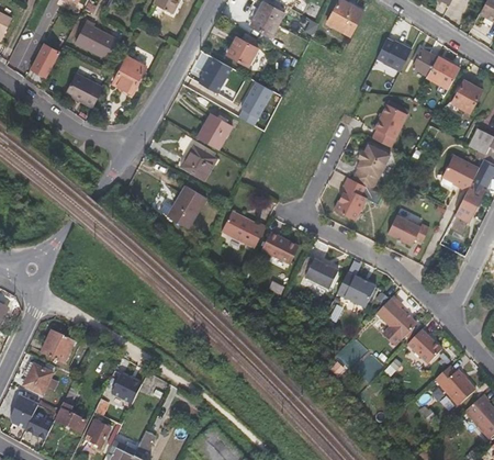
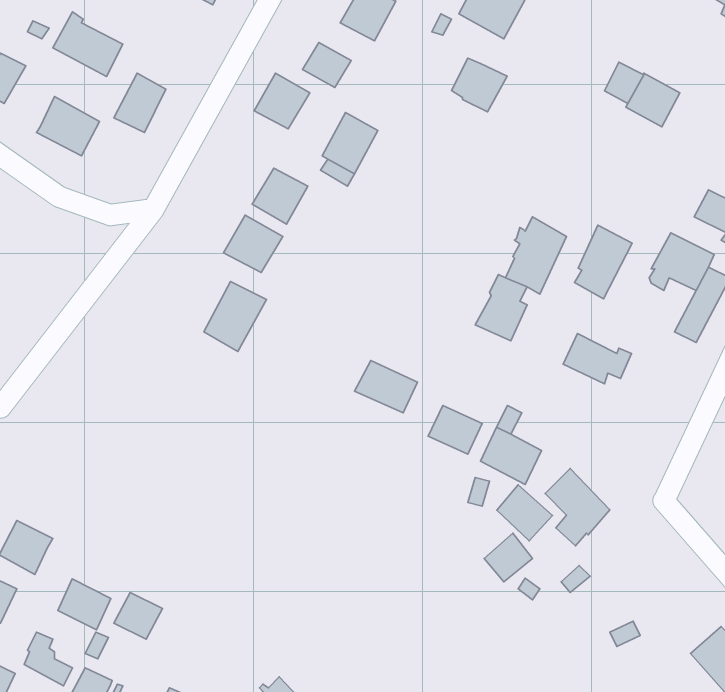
building: [378,37,412,70] -> [452,58,507,112]
building: [450,80,481,112] -> none
building: [372,103,407,148] -> [575,225,632,299]
building: [220,211,263,248] -> none
building: [407,329,441,363] -> [497,485,552,541]
building: none -> [58,579,111,630]
building: [434,366,474,405] -> none

